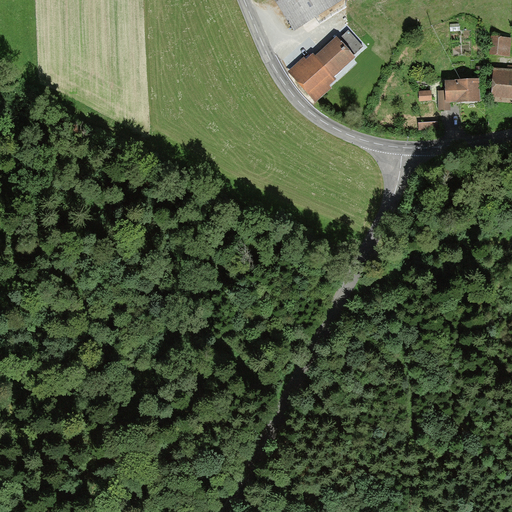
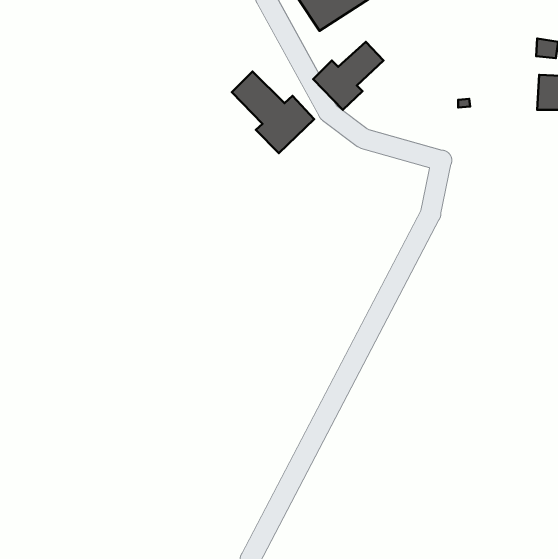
building: none -> [232,72,314,153]
building: [440,79,478,109] -> none

